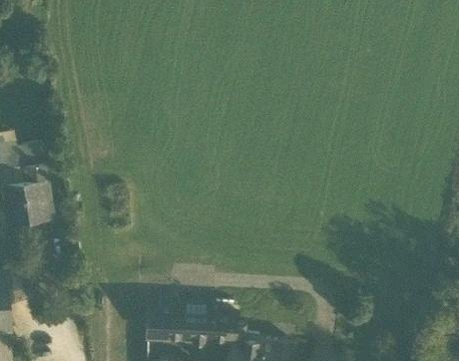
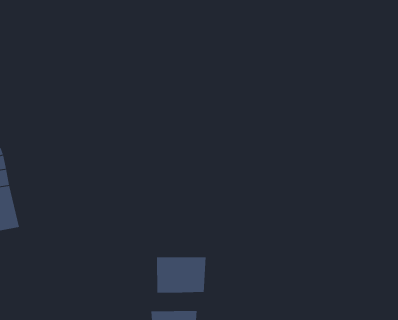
building: none -> [157,256,206,293]

